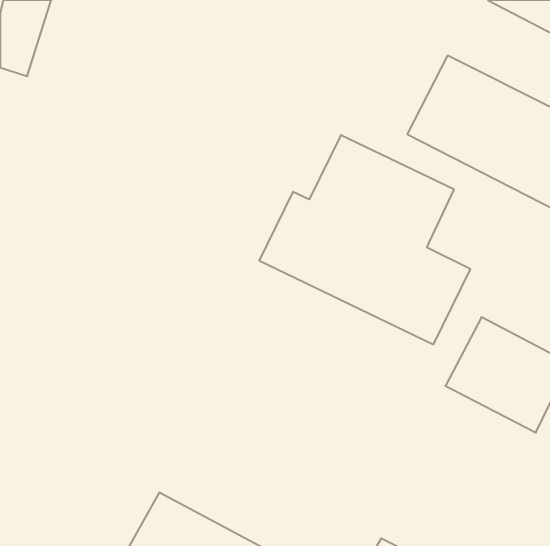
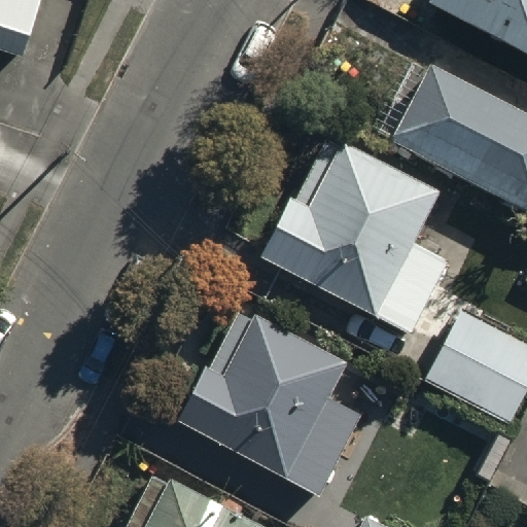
building: none -> [171,302,370,500]

